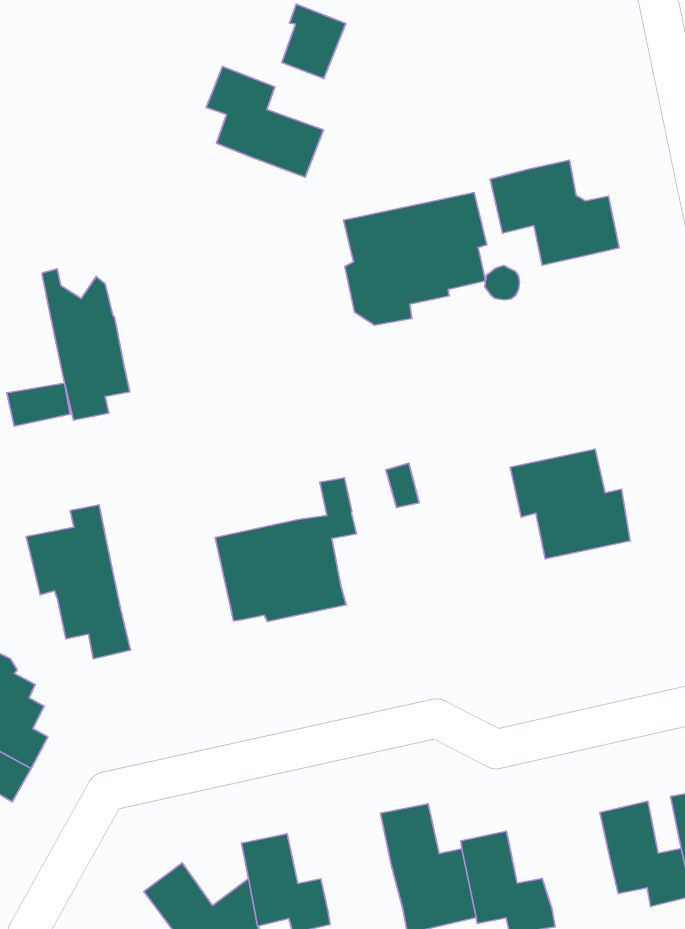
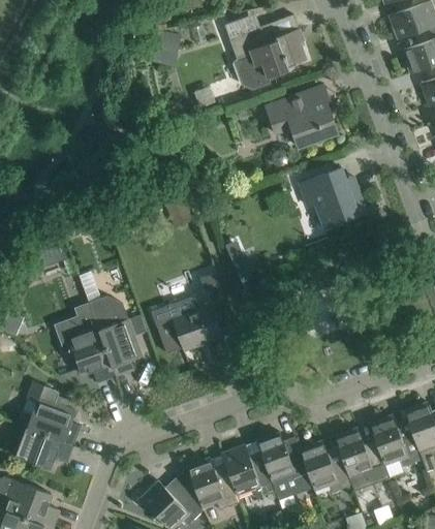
building: [206,67,324,177] -> none
building: [344,193,487,325] -> [228,14,306,90]
building: [42,269,130,420] -> [89,299,143,375]
building: [510,449,630,559] -> [299,167,366,227]
building: none -> [334,428,389,480]
building: none -> [222,444,275,496]

